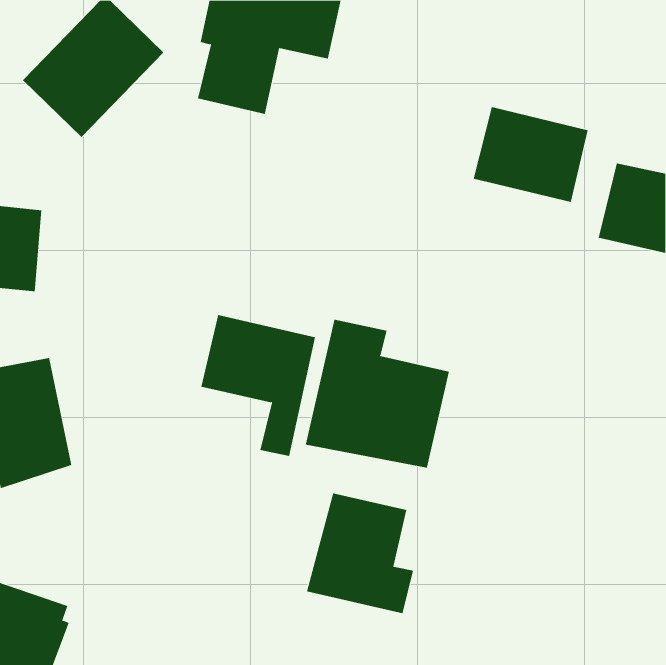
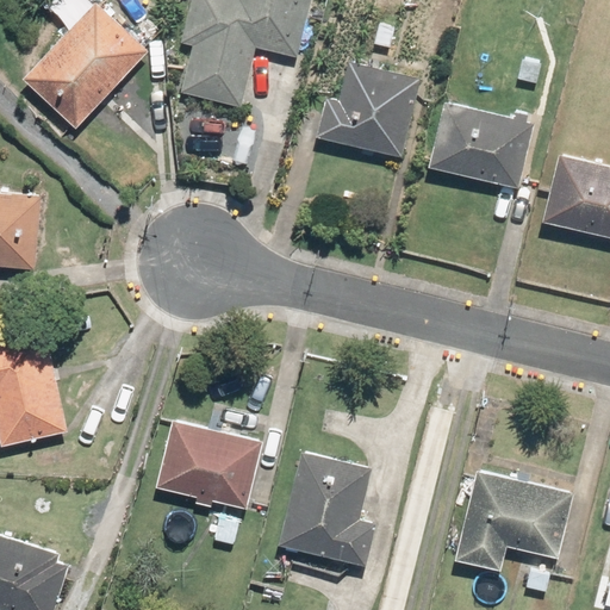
building: none -> [318,64,415,154]
building: [200,315,316,457] -> [155,421,260,549]
building: [305,319,450,468] -> none
building: none -> [455,472,574,572]

